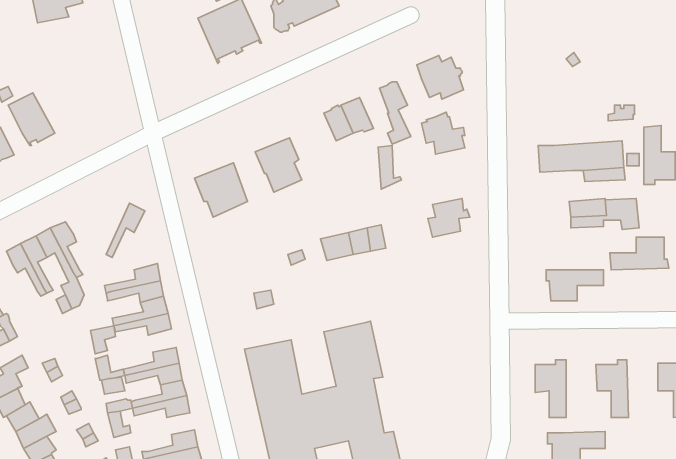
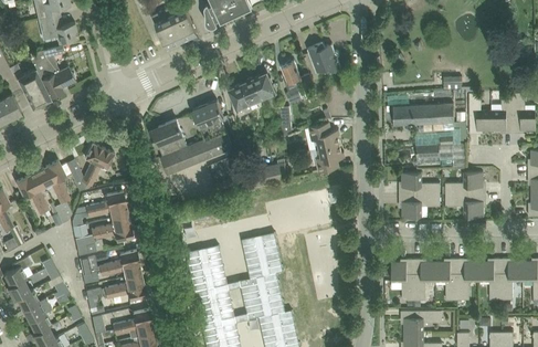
building: none -> [38,15,77,43]
building: none -> [28,49,75,98]
building: [421,112,465,154] -> [308,119,339,149]
building: none -> [228,84,252,118]
building: none -> [161,132,232,175]
building: none -> [65,144,103,191]
building: none -> [398,174,440,196]
building: none -> [445,194,486,218]
building: none -> [413,260,435,301]
building: none -> [456,260,478,301]

